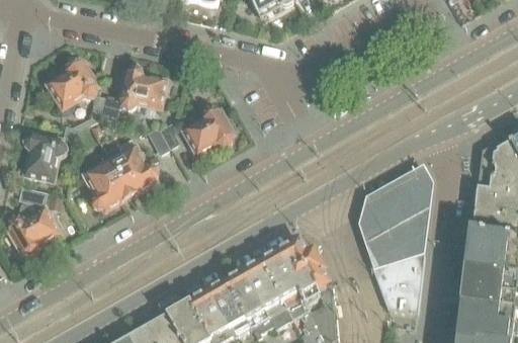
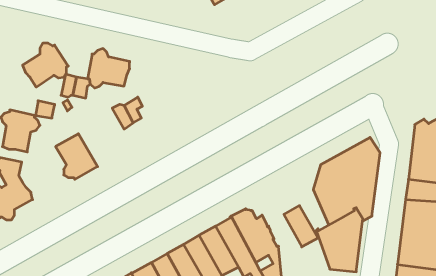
building: [182,106,233,154] -> none
building: [88,137,157,195] -> none
building: none -> [284,206,319,247]

